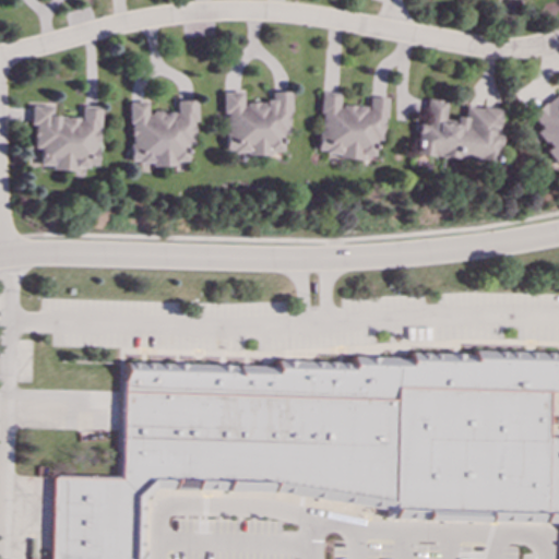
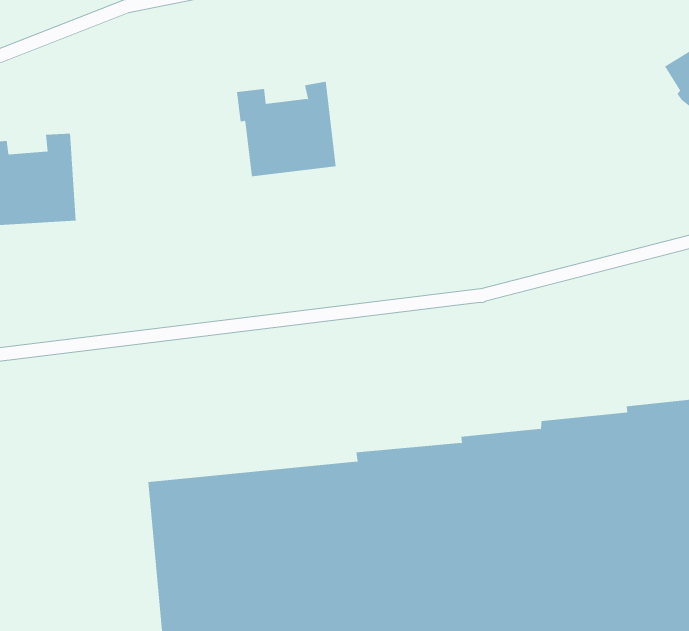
building: [320,94,390,158] -> none
building: [420,97,506,162] -> none
building: [132,99,198,164] -> none

